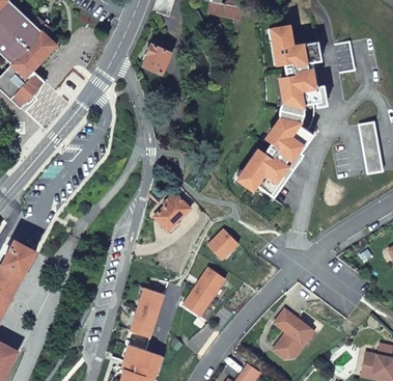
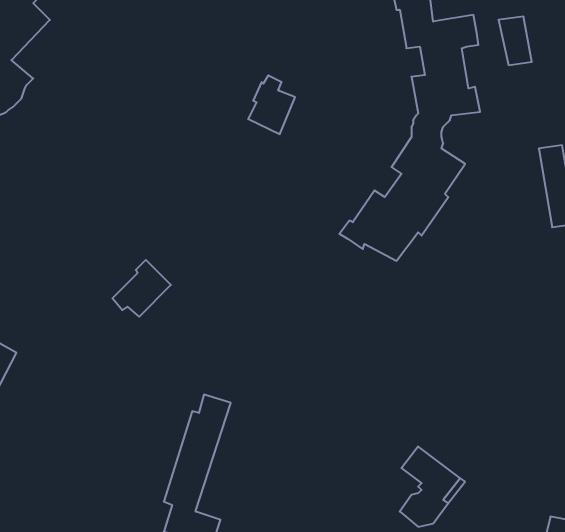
building: [143,38,172,75] -> [248,75,295,134]
building: [153,192,190,227] -> [112,260,171,317]
building: [207,228,238,258] -> none
building: [183,267,225,316] -> none

